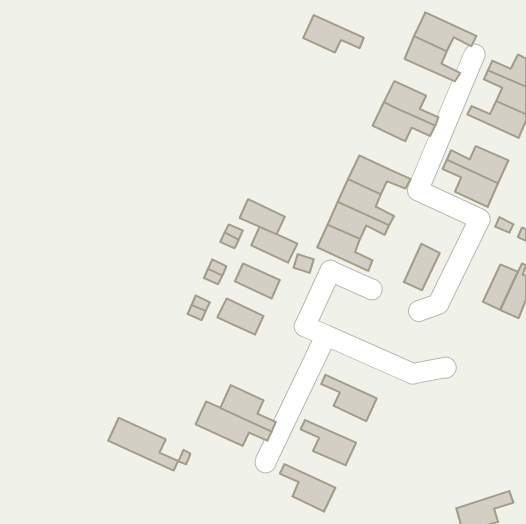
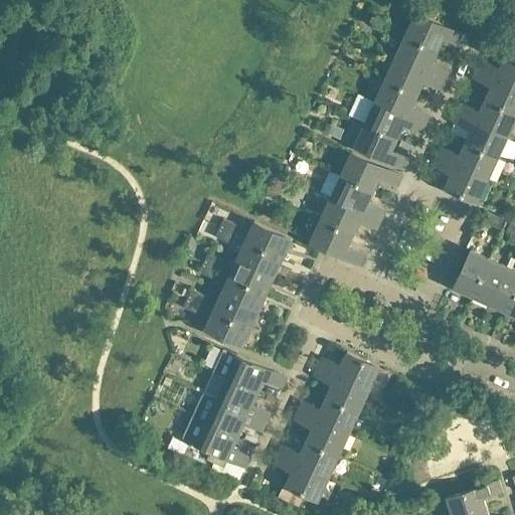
building: [303,15,364,52] -> [385,59,445,96]
building: none -> [453,114,507,159]
building: none -> [354,125,408,171]
building: [240,199,285,234] -> [237,241,282,276]
building: [404,244,440,290] -> [454,251,489,297]
building: none -> [221,277,266,311]
building: none -> [204,312,249,347]
building: none -> [213,349,286,393]
building: none -> [318,354,378,391]
building: none -> [298,398,358,435]
building: [108,418,178,470] -> [181,416,249,468]
building: none -> [278,443,338,479]

